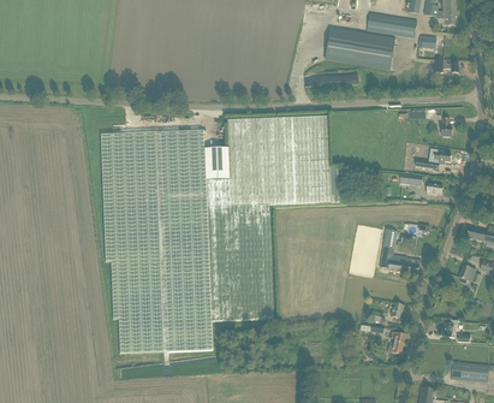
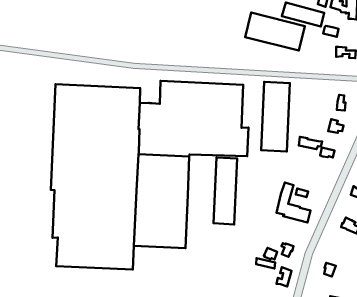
building: none -> [261,82,290,151]
building: none -> [214,158,237,224]

